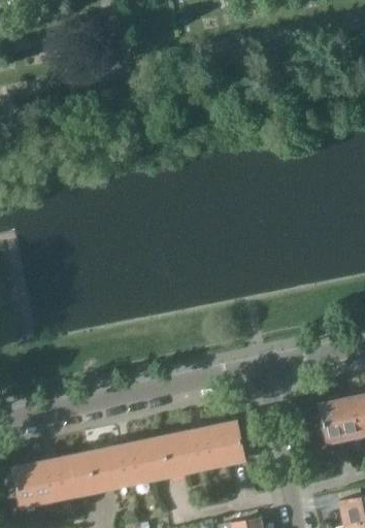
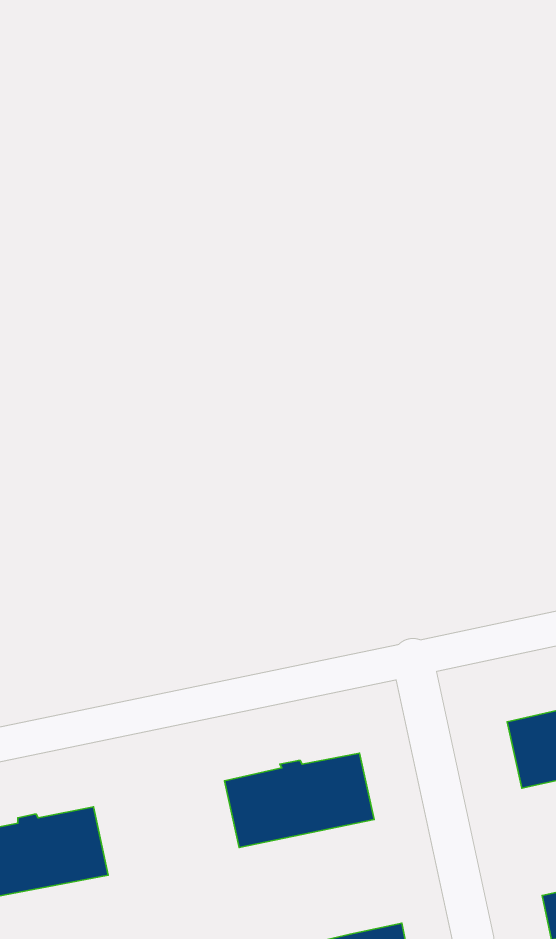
building: [88,438,169,491] -> none

